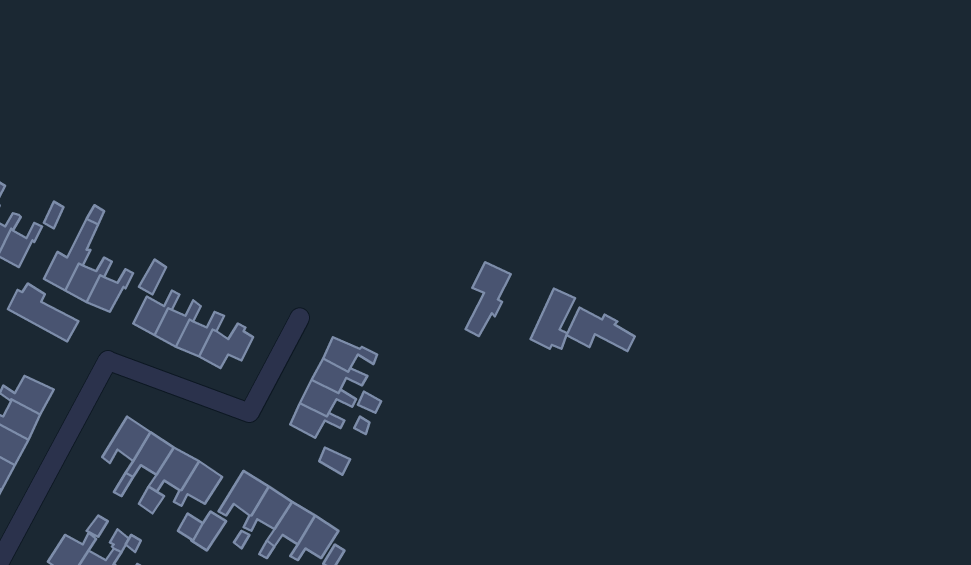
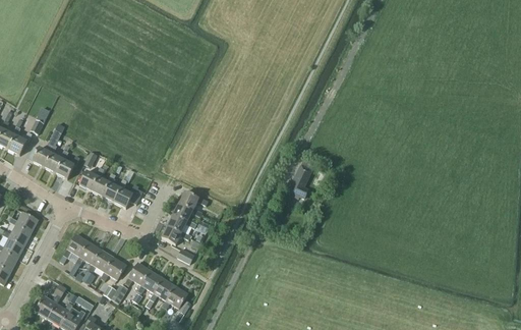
building: [465,262,511,336] -> none
building: [8,283,79,341] -> none
building: [567,307,635,351] -> none

